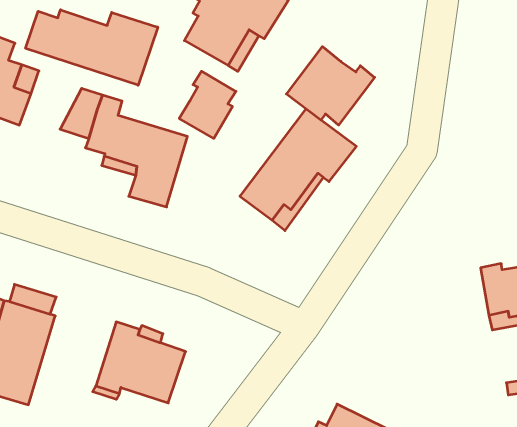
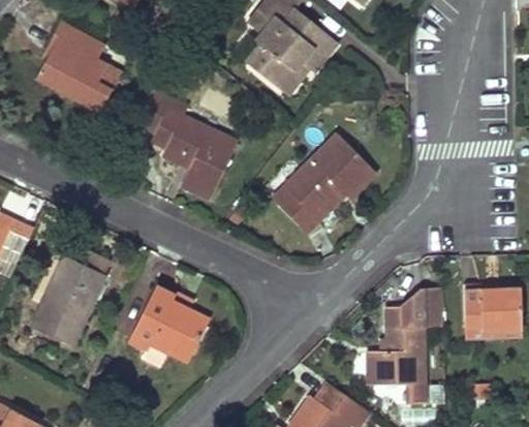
building: [26,10,158,85] -> none
building: [286,47,375,125] -> none
building: [179,71,236,138] -> none
building: none -> [368,287,442,403]

